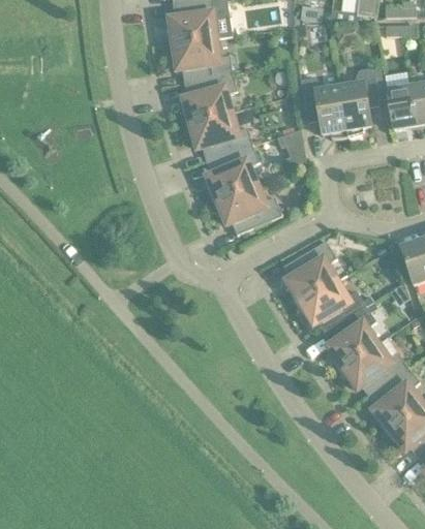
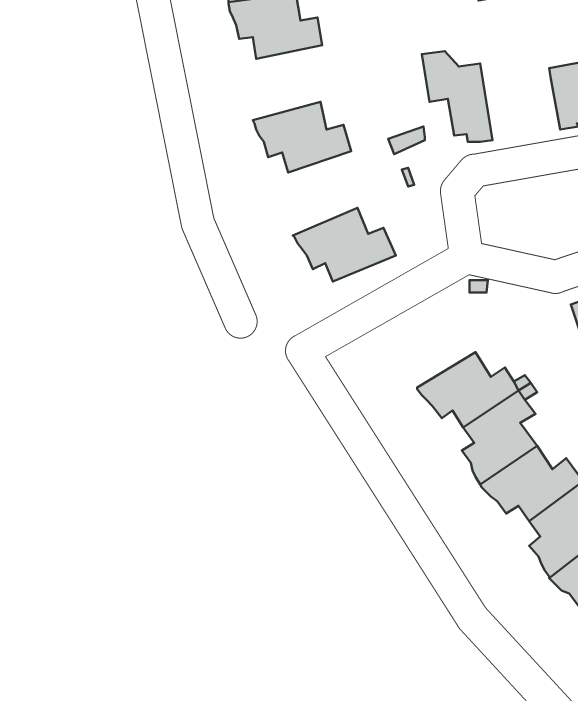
building: [338,66,386,136] -> none
building: [182,72,236,123] -> none
building: [205,144,259,200] -> none
building: [285,240,335,303] -> none

